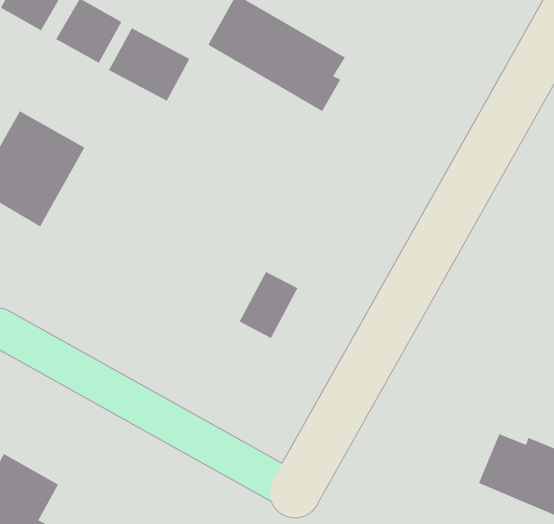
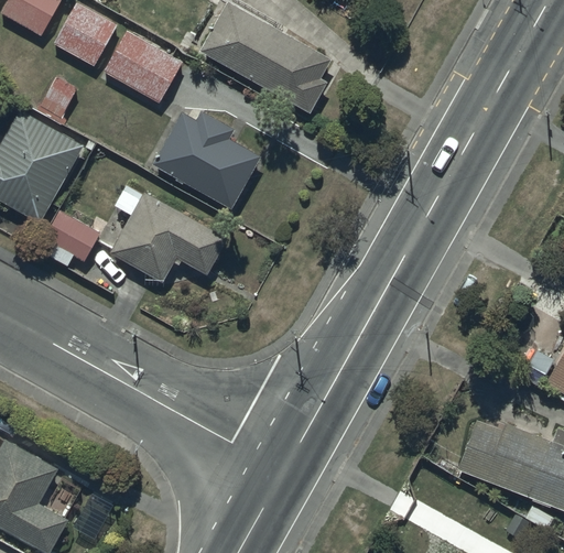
building: none -> [153,110,262,209]
building: none -> [37,186,227,283]
building: [239,271,298,339] -> none

